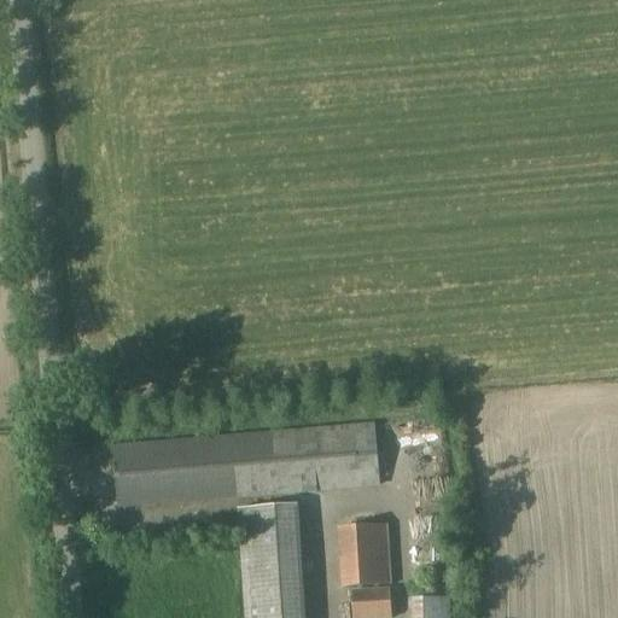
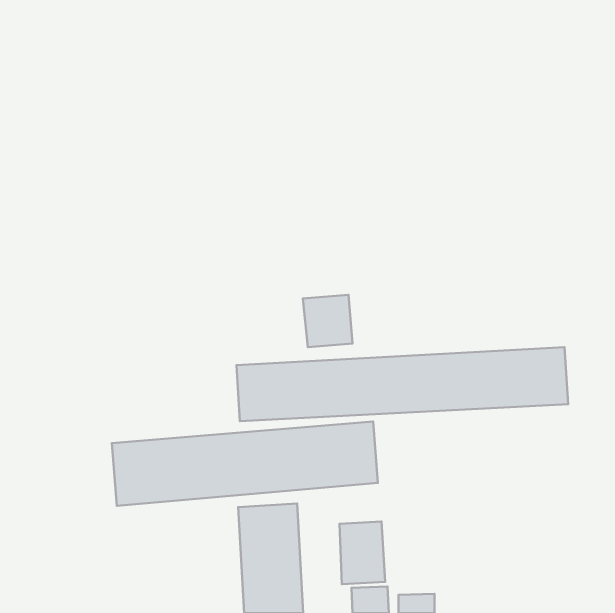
building: none -> [303,295,352,347]
building: none -> [236,347,568,421]

